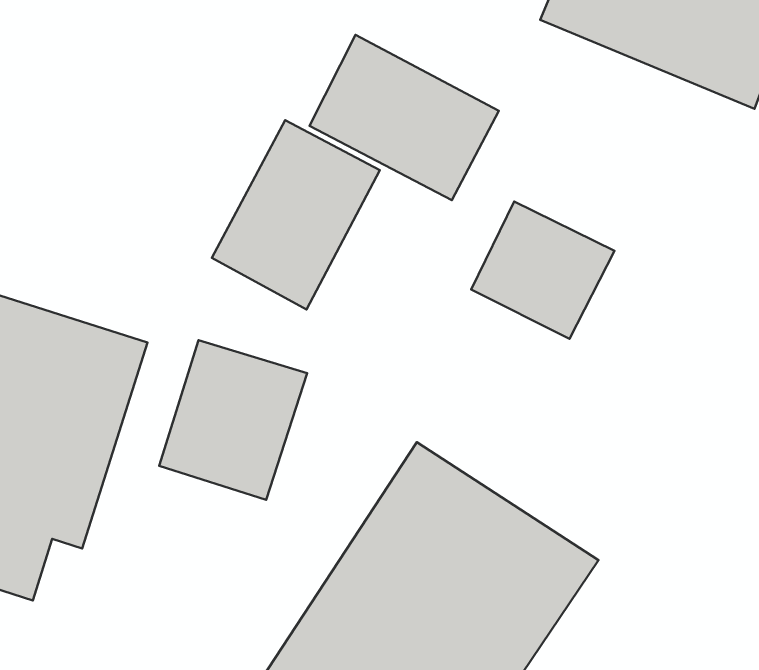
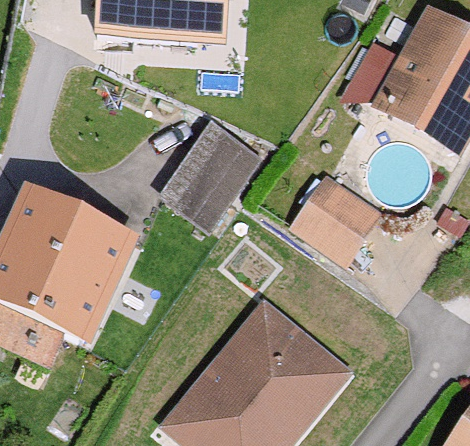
building: [309,35,499,200] -> none
building: [159,340,307,500] -> none

